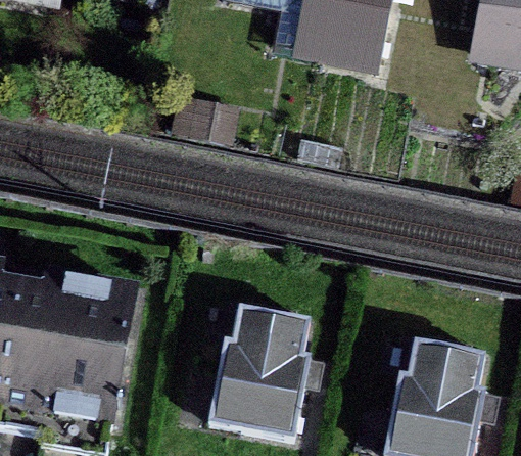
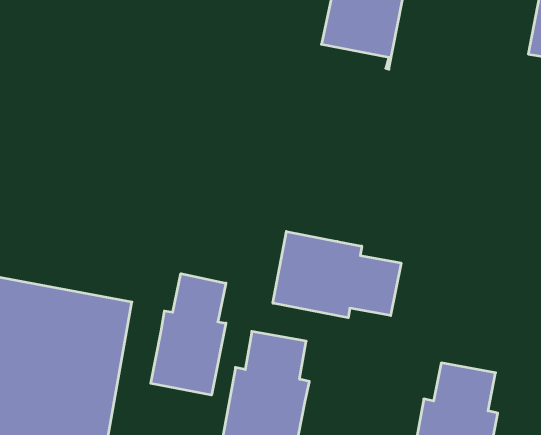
building: none -> [273,231,401,318]
building: none -> [151,274,226,395]

